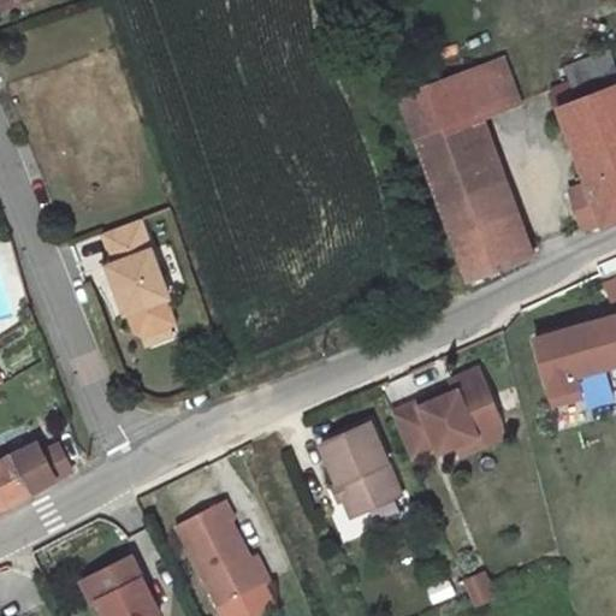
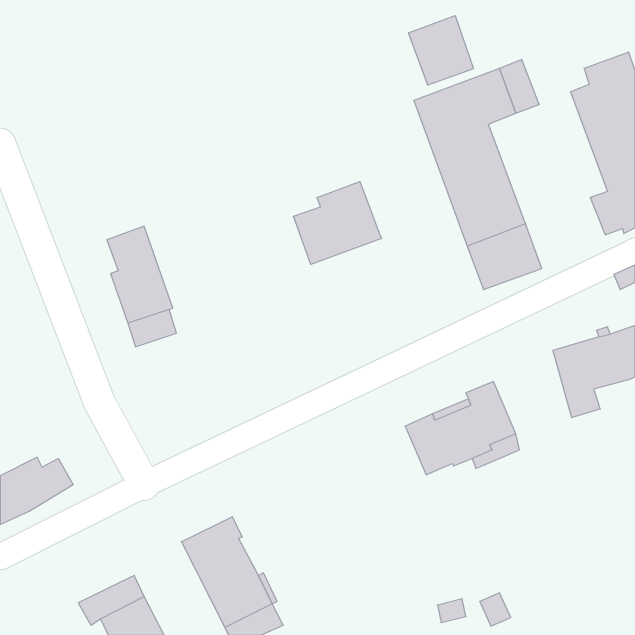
building: none -> [409,16,473,85]
building: none -> [294,182,381,264]
building: [320,424,402,517] -> none

